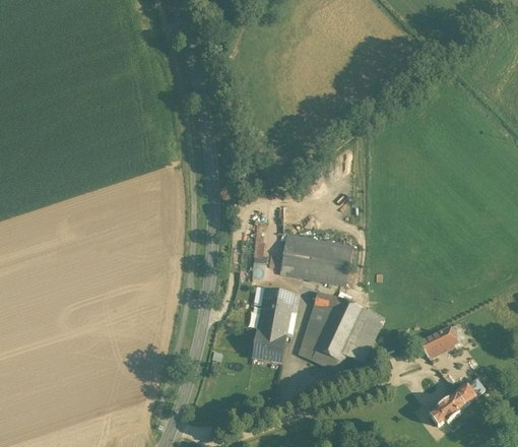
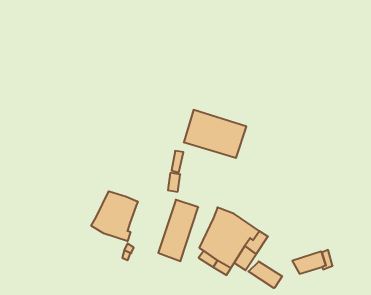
building: [278,233,351,283] -> [184,110,246,158]
building: none -> [91,191,138,241]
building: none -> [248,261,282,288]

